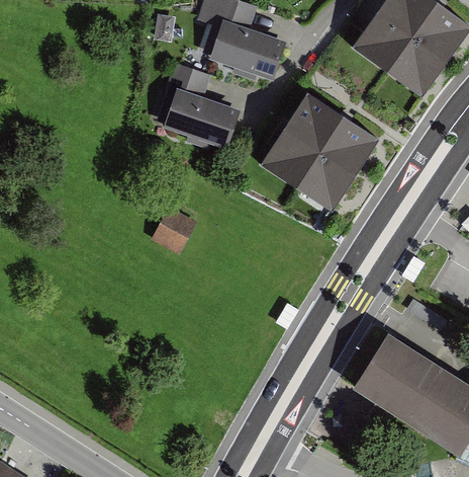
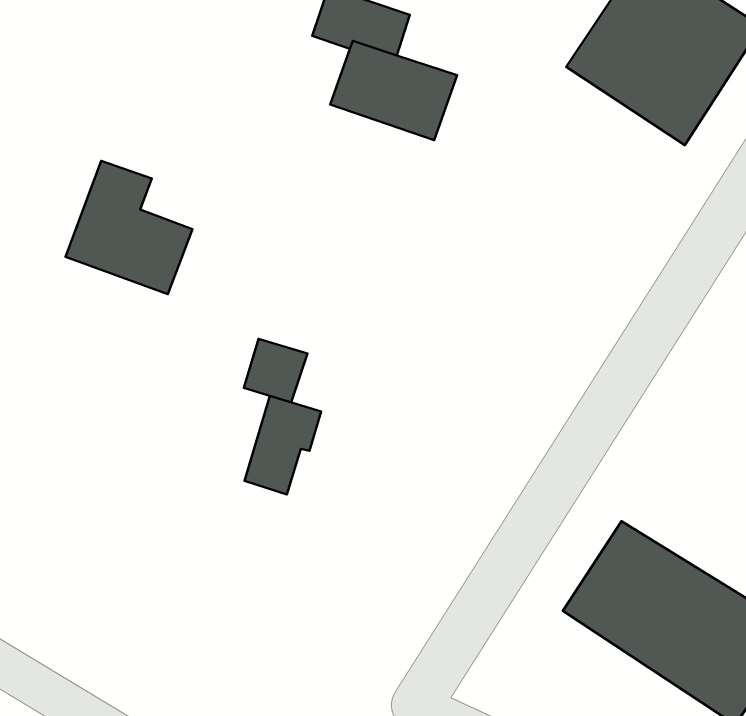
building: [156,71,234,154] -> [65,161,192,294]
building: [259,97,378,217] -> none
building: none -> [244,396,321,494]

